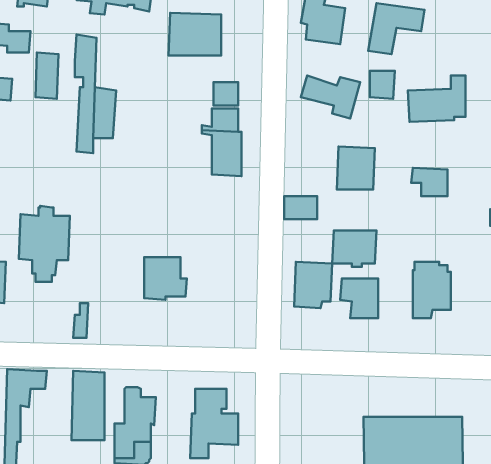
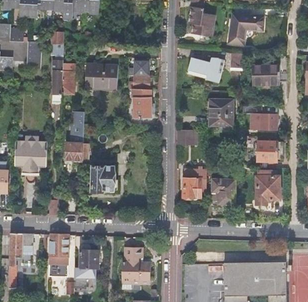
building: [169,13,221,56] -> [85,64,117,90]
building: none -> [65,112,84,161]
building: [332,231,377,267] -> [256,140,283,162]

